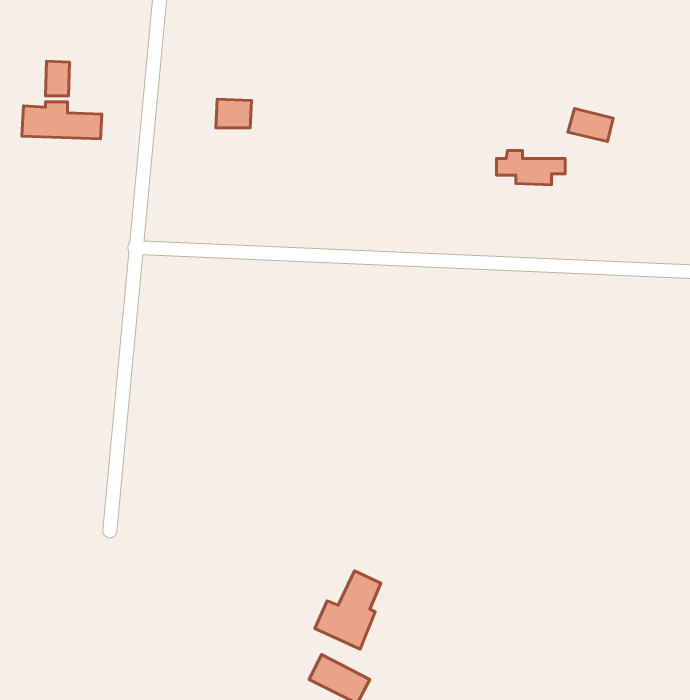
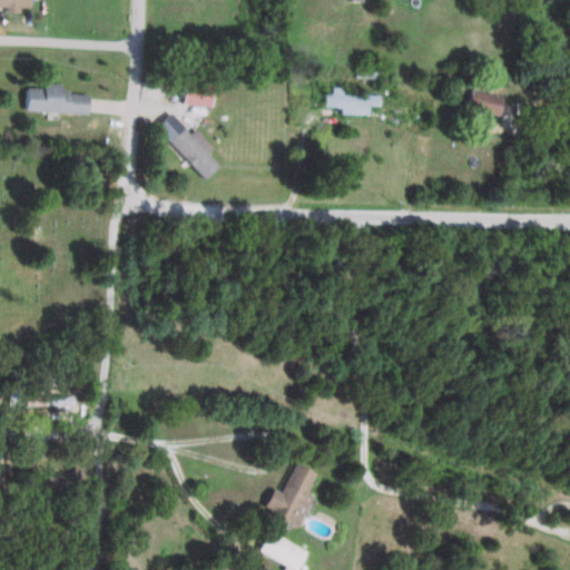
building: [45,61,69,96] -> none
building: none -> [157,114,220,180]
building: [496,150,565,185] -> [325,88,381,116]

